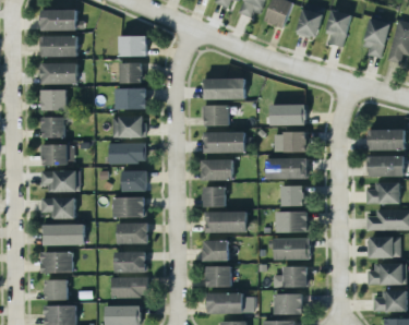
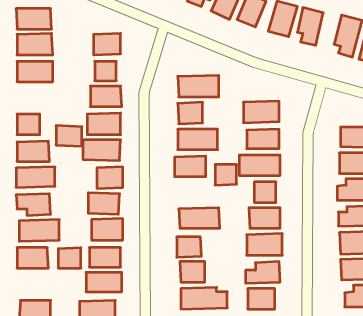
building: [40,89,67,110] -> [56,126,82,146]
building: [203,186,225,207] -> [215,165,237,185]
building: [45,279,68,300] -> [58,248,81,268]

